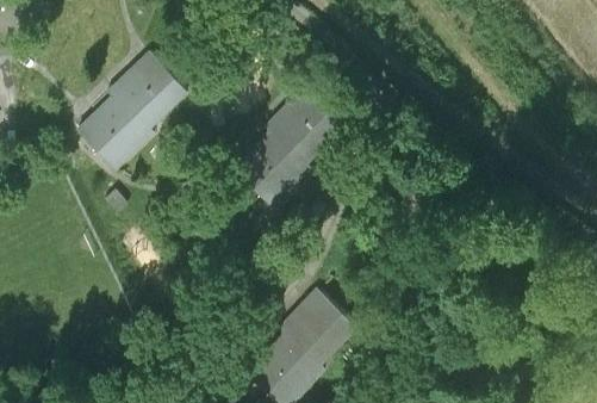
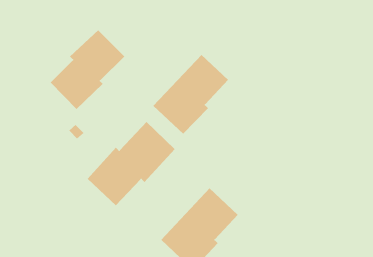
building: none -> [87,121,175,206]

